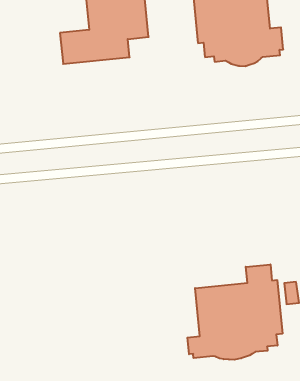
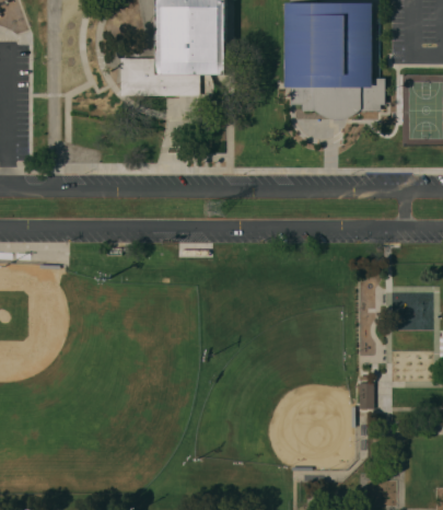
building: [187,264,282,360] -> none

